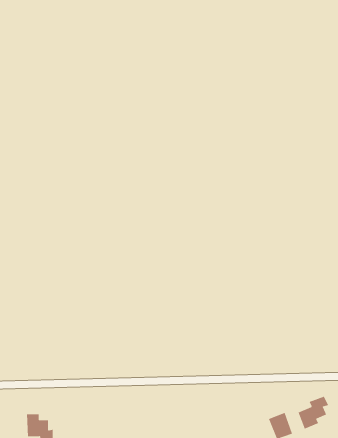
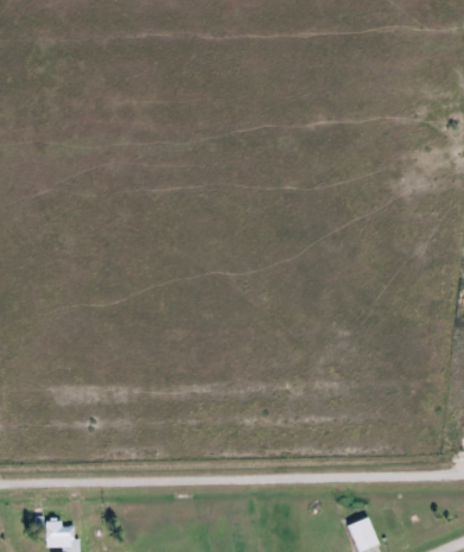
building: [298,396,329,429] -> none

